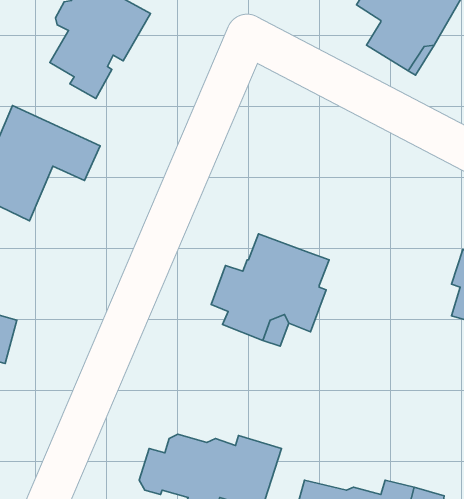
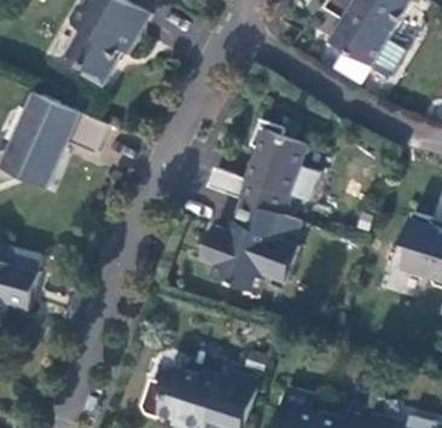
building: none -> [207,118,308,214]

